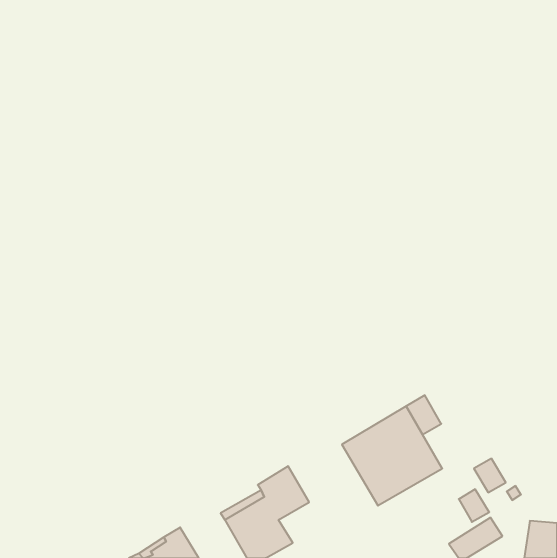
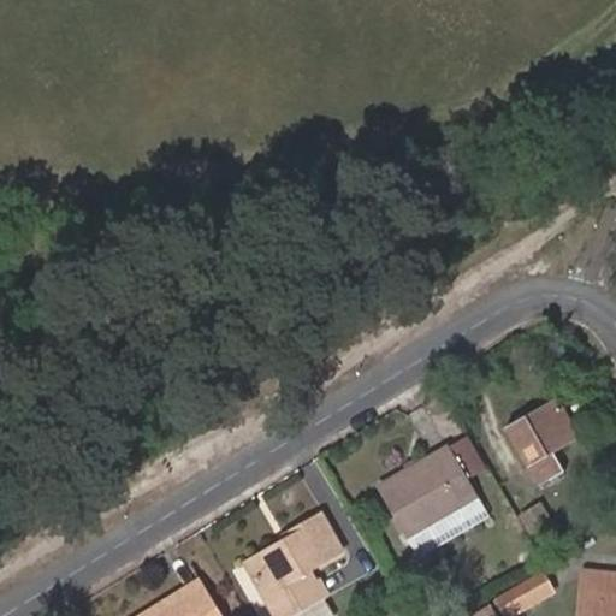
building: none -> [507,398,576,484]

